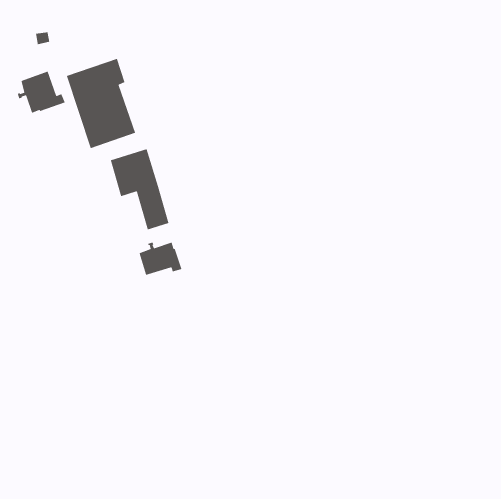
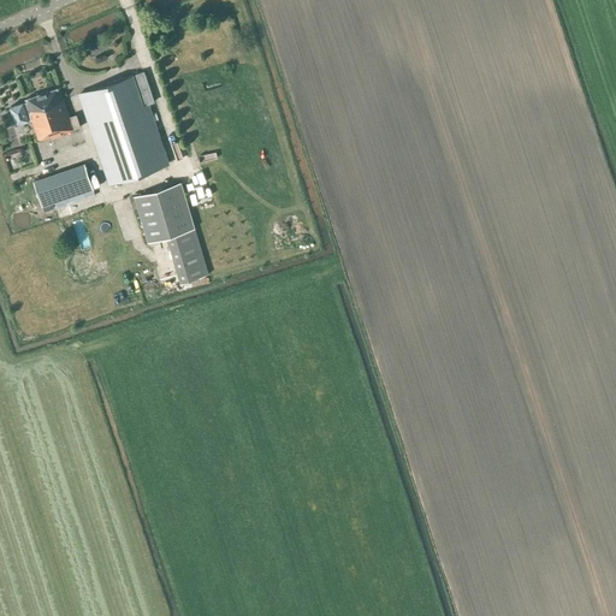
building: none -> [34,166,94,209]
building: [139,242,182,276] -> none

